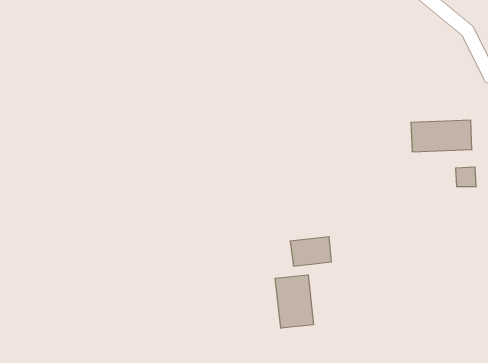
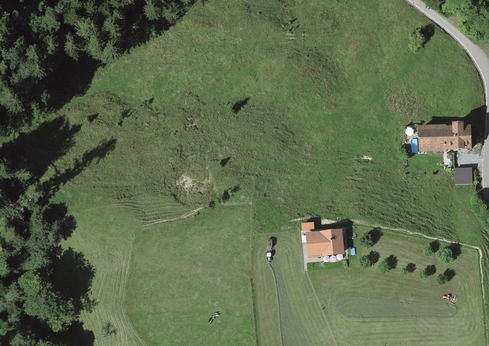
building: [275,275,314,328] -> none

